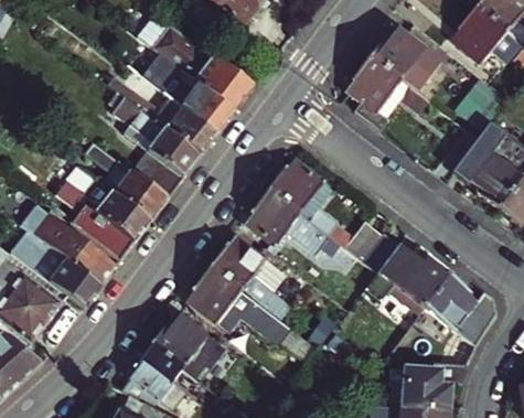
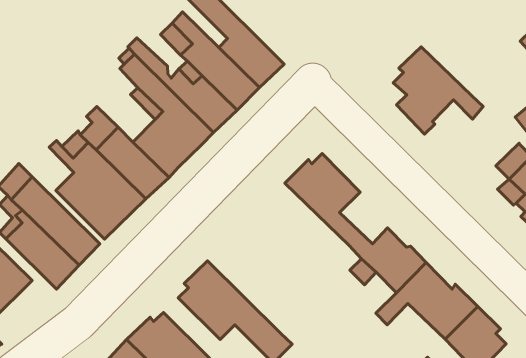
building: [370,28,442,93] -> none
building: [249,190,331,254] -> none
building: [211,238,293,320] -> none

